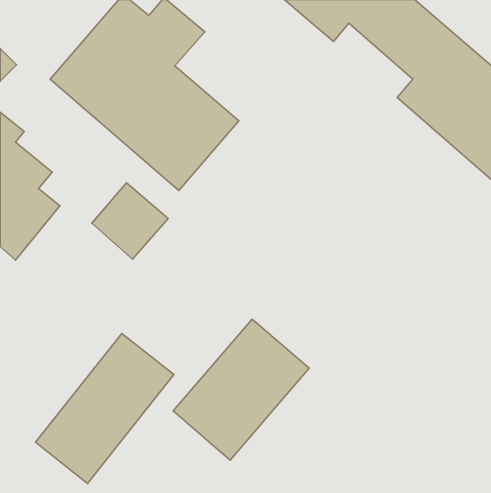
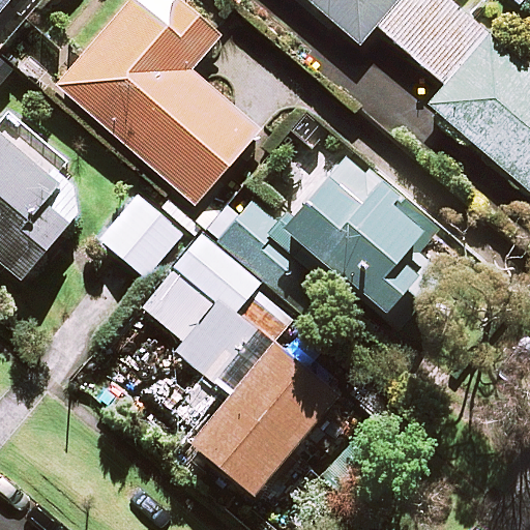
building: none -> [217,156,420,311]
building: none -> [143,235,258,373]
building: [36,333,174,483] -> none

